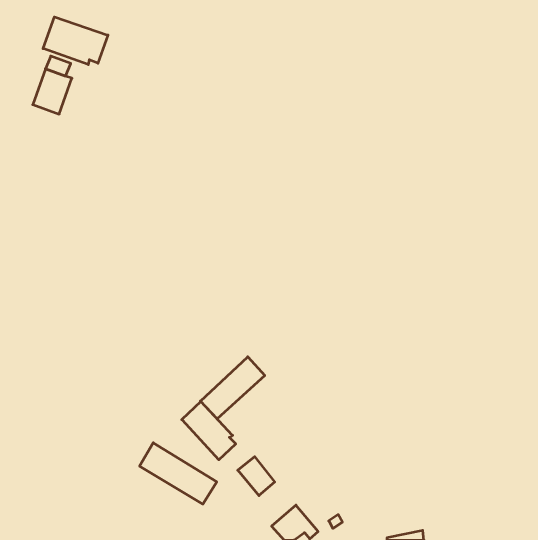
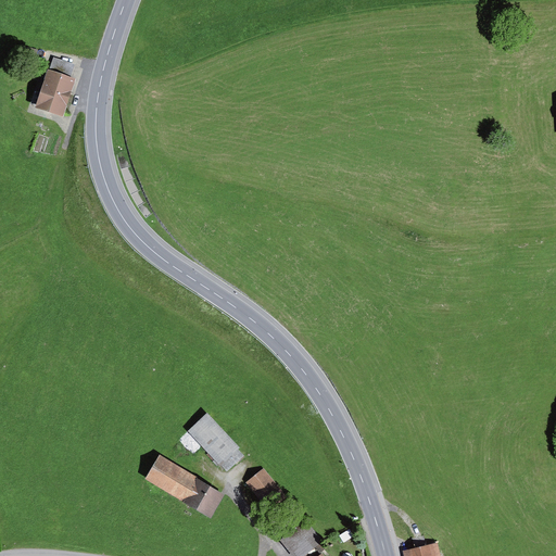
building: [43,17,108,65] -> none
building: [200,357,265,419] -> none

